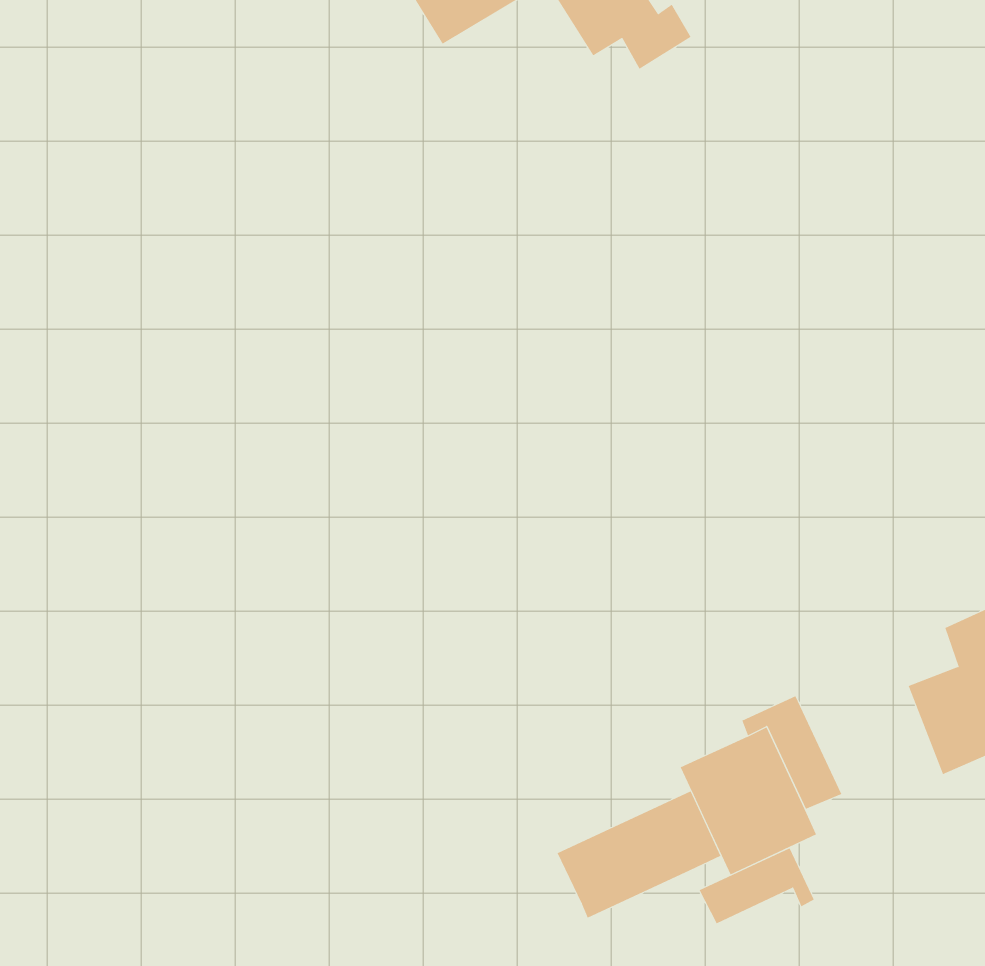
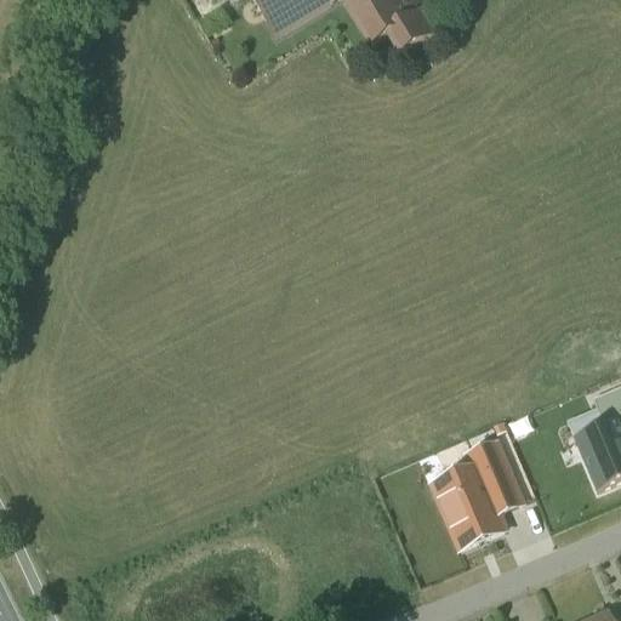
building: [557,791,721,919] -> none
building: [699,847,814,924] -> none

